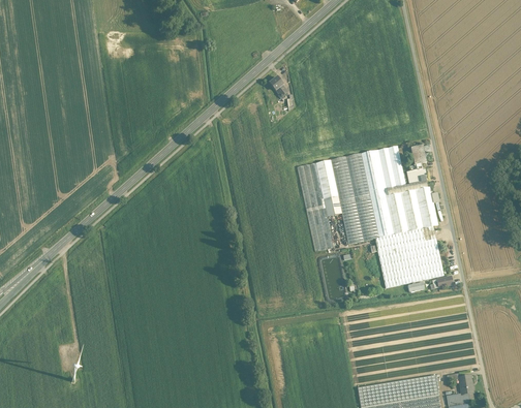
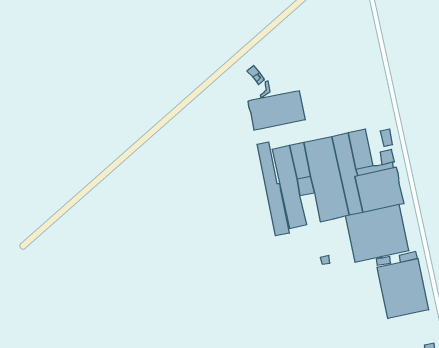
building: none -> [248,91,305,130]
building: none -> [257,142,289,236]
building: none -> [377,258,429,319]

